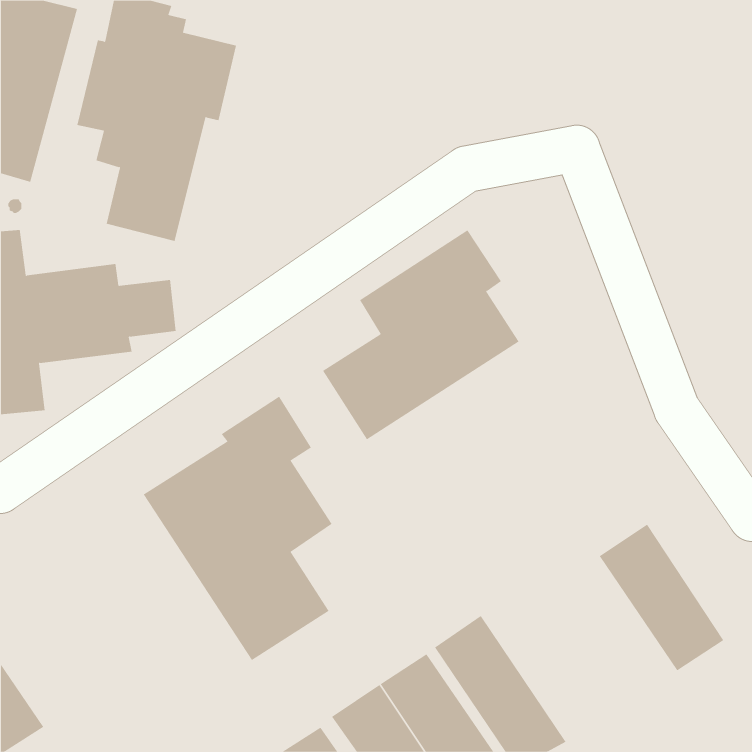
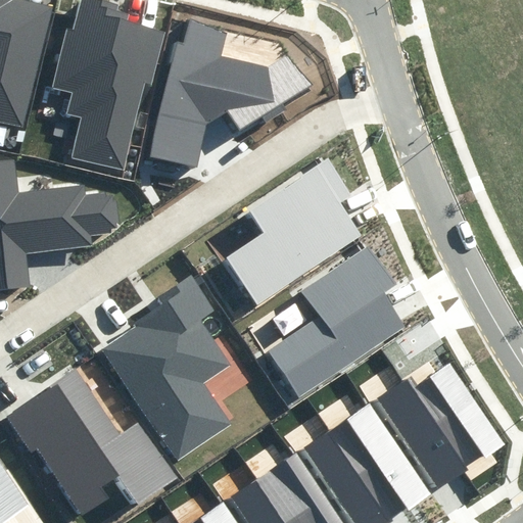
building: none -> [148,21,274,167]
building: none -> [264,246,403,399]
building: none -> [7,372,179,513]
building: none -> [377,379,470,488]
building: none -> [334,405,427,515]

